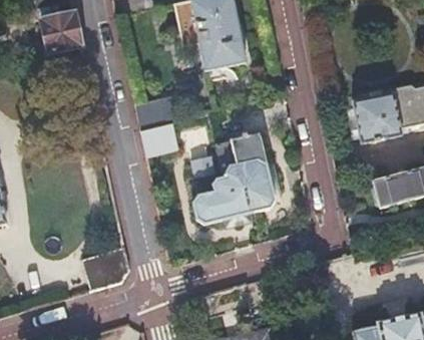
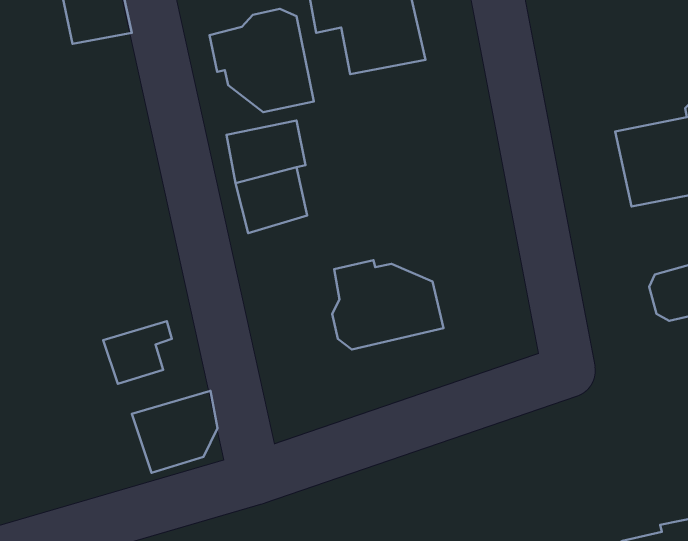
building: none -> [209,9,314,112]
building: [217,133,275,212] -> none
building: none -> [103,321,172,384]

